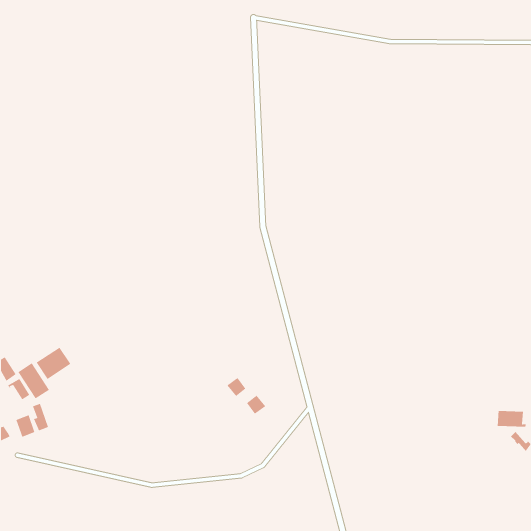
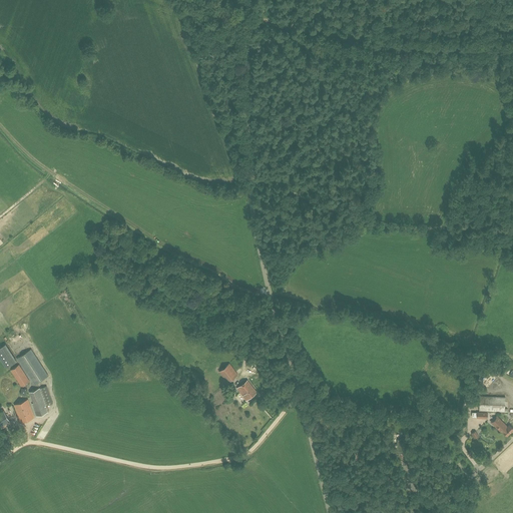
building: [36,347,71,380] -> none

